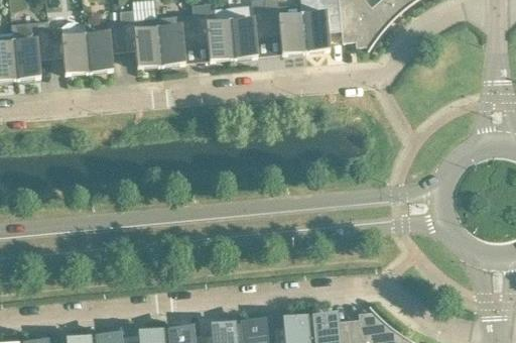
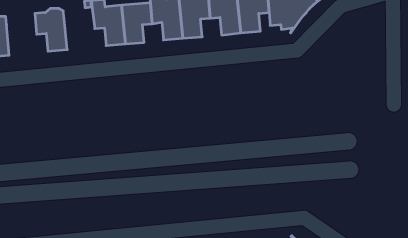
building: [11,22,50,81] -> none
building: [85,22,123,74] -> none

